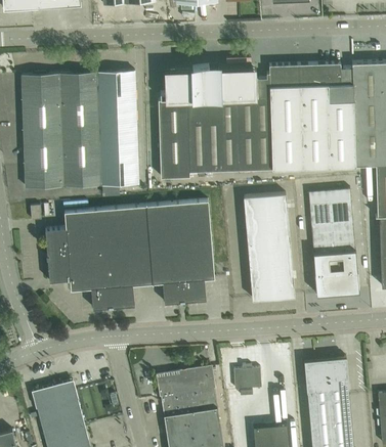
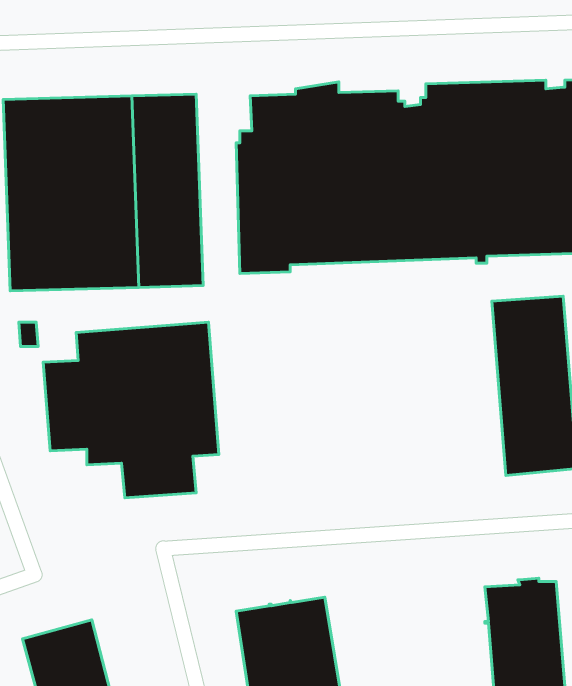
building: [244,196,294,301] -> none
building: [141,202,214,304] -> none
building: [233,366,261,390] -> none

